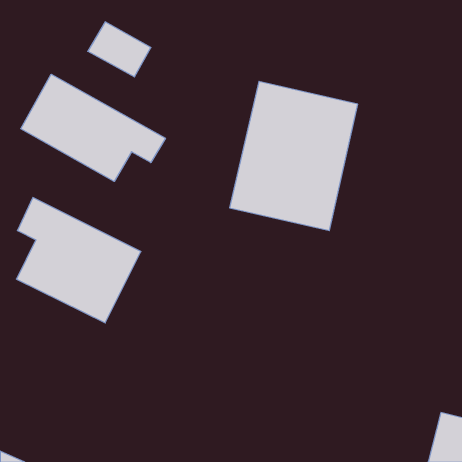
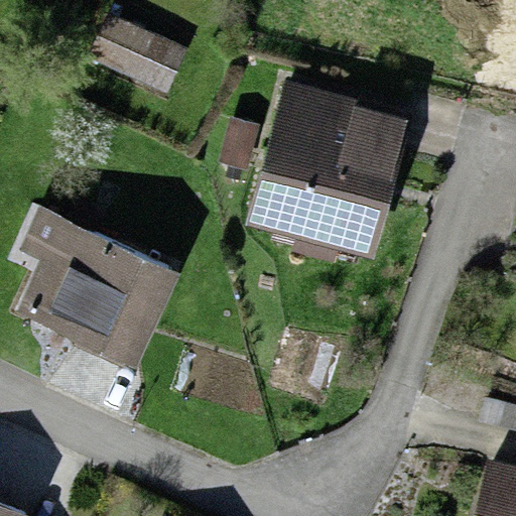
building: [21,74,165,181] -> none

